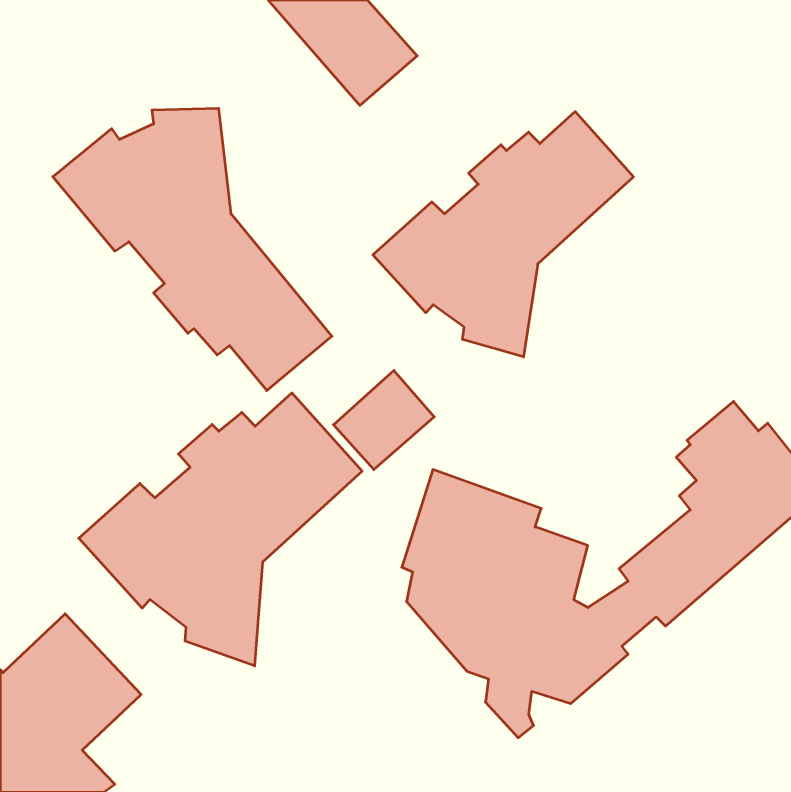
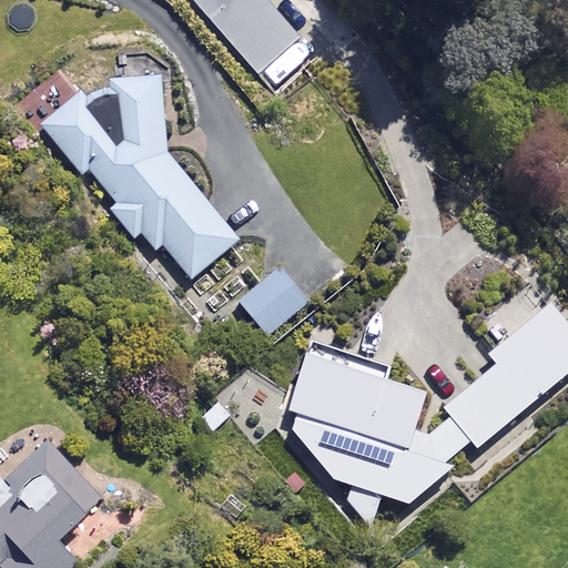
building: [373,112,633,357] -> none
building: [79,393,362,666] -> none

